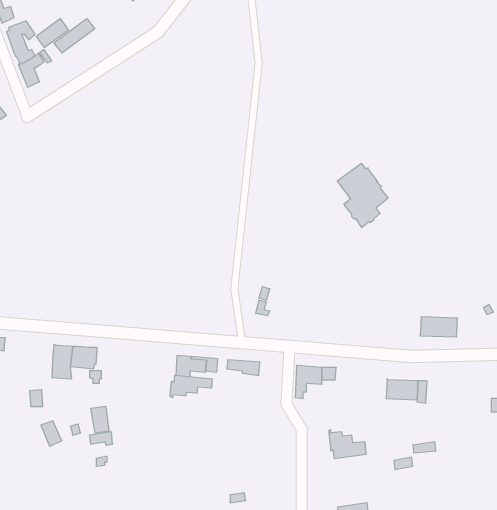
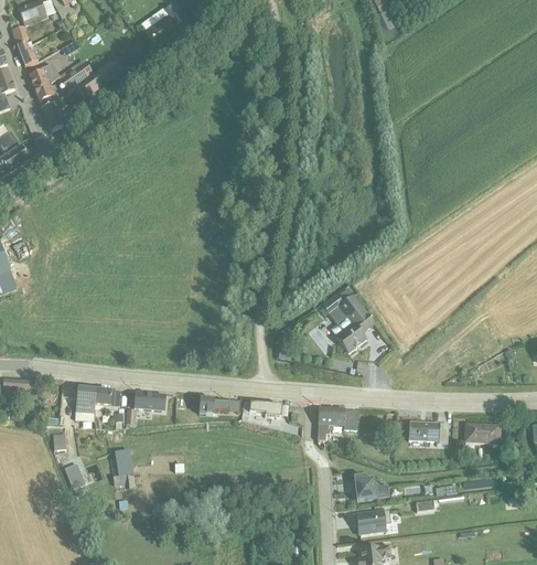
building: [337,163,388,228] -> [322,288,373,352]
building: [420,317,458,337] -> [463,424,501,444]
building: none -> [132,392,164,411]
building: [170,375,212,398] -> none
building: none -> [352,510,389,533]

